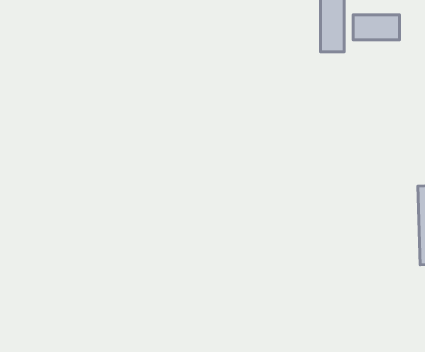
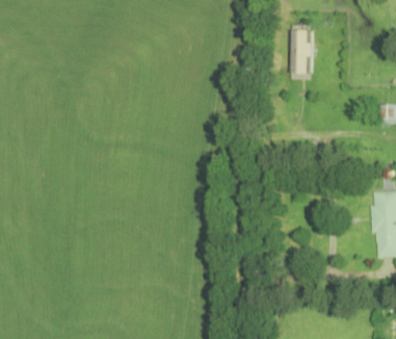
building: [353,15,400,40] -> none

